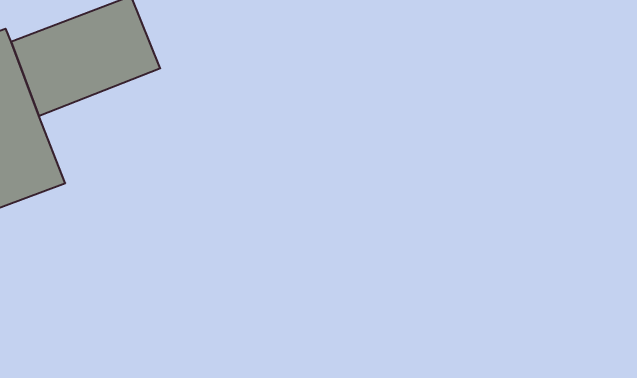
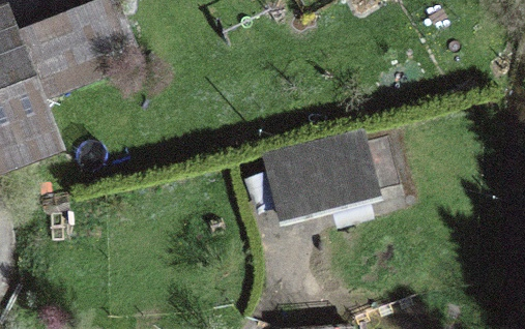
building: none -> [266,139,373,215]

